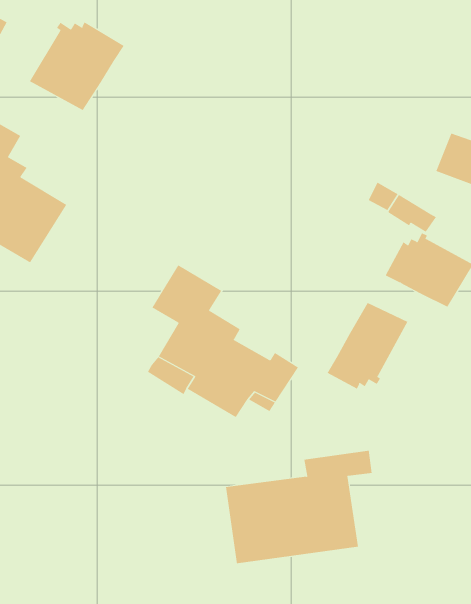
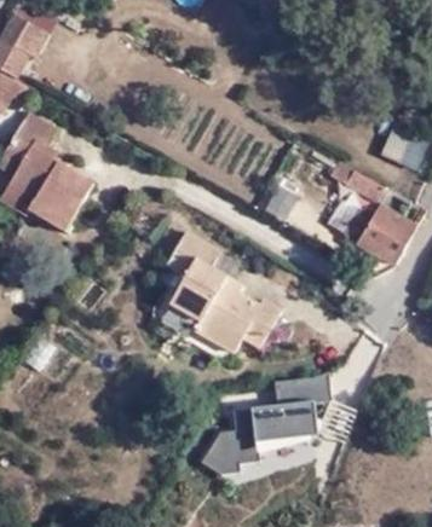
building: [29,21,125,111] -> none
building: [327,302,408,390] -> none

